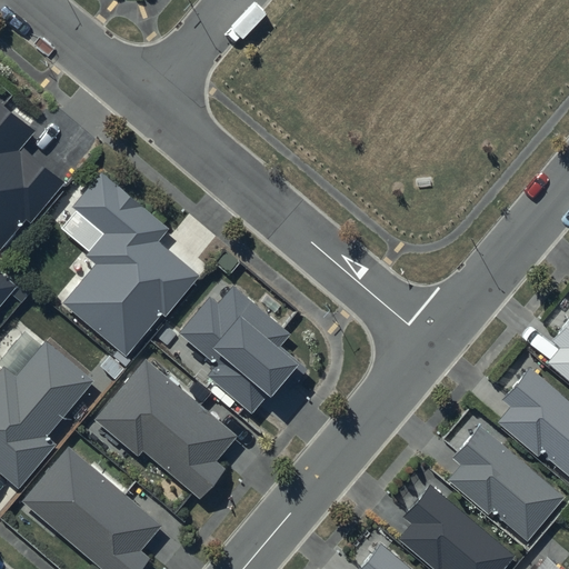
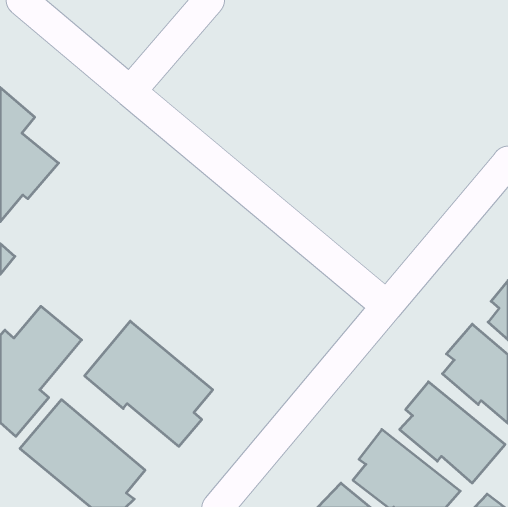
building: [61,173,199,357] -> none
building: [180,287,299,413] -> none

